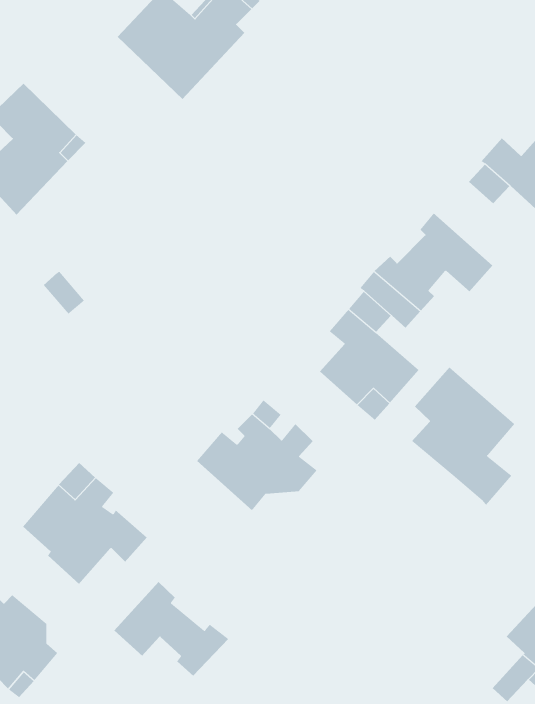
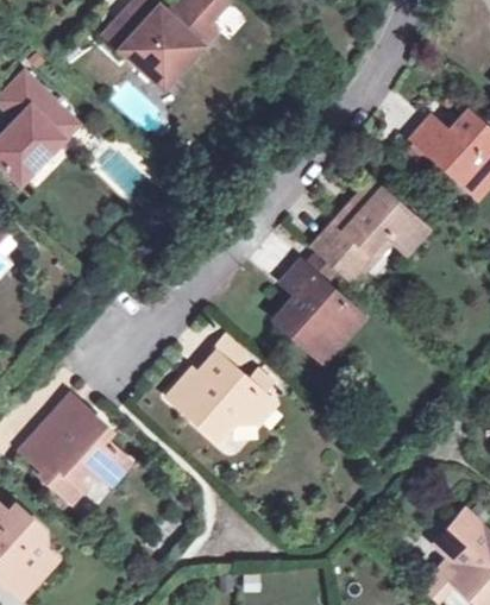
building: [411,366,515,506] -> none
building: [113,581,229,677] -> none

